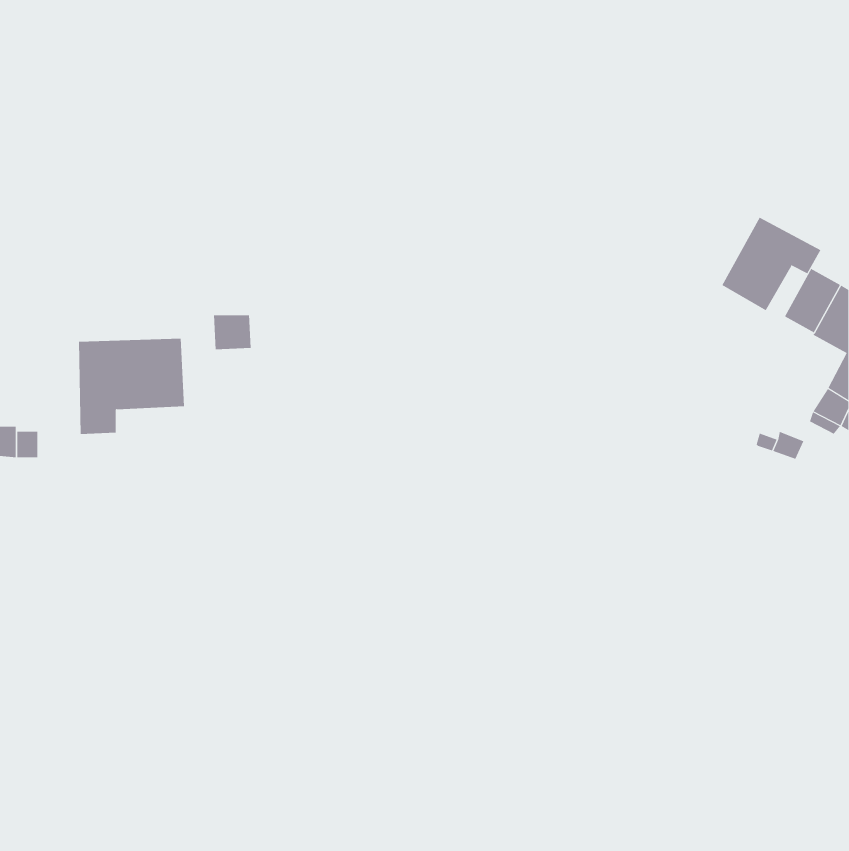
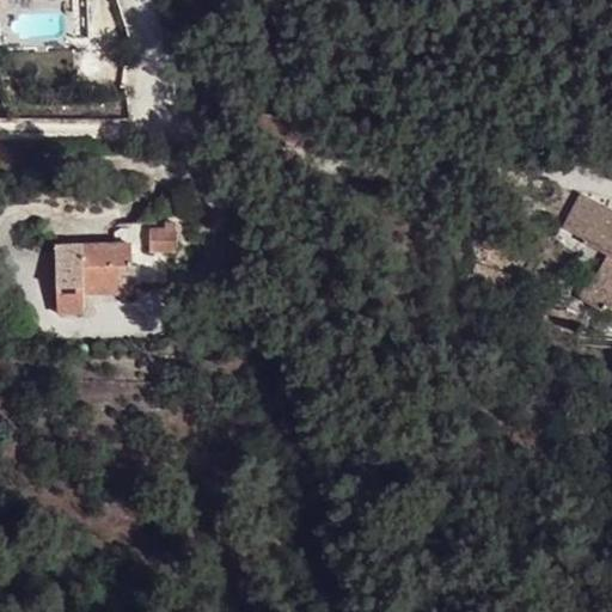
building: [722,217,821,311] -> none

